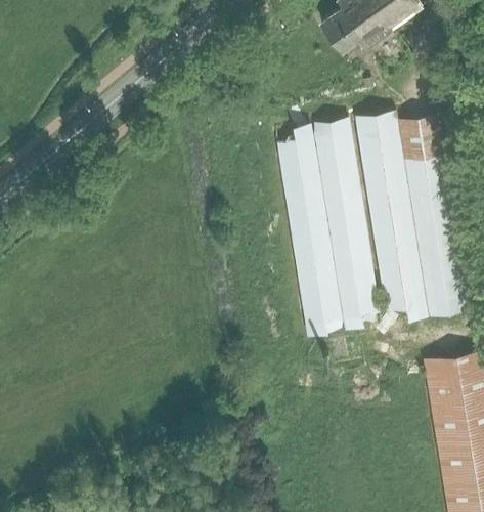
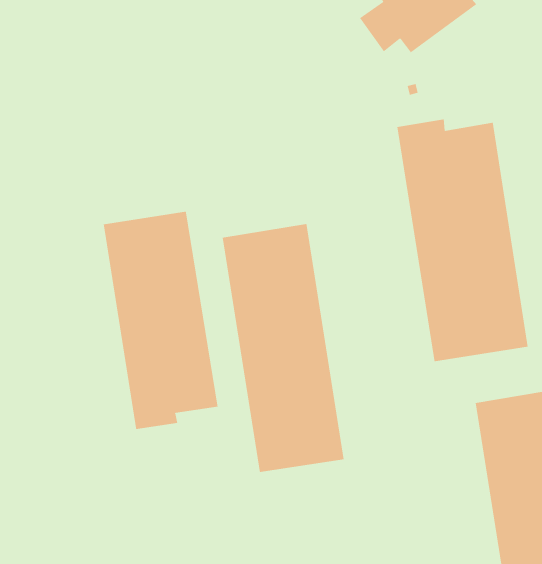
building: [274,118,382,336] -> [222,223,345,472]
building: none -> [103,211,218,430]

